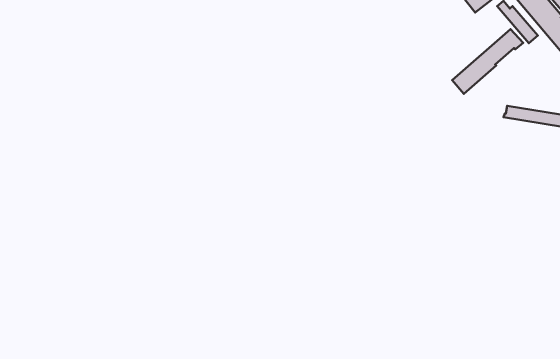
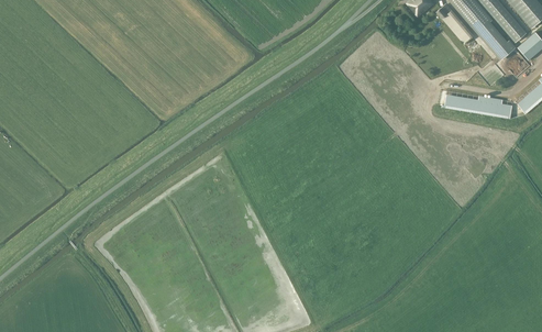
building: [452,29,523,94] -> none

